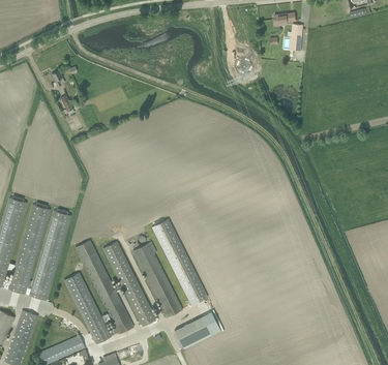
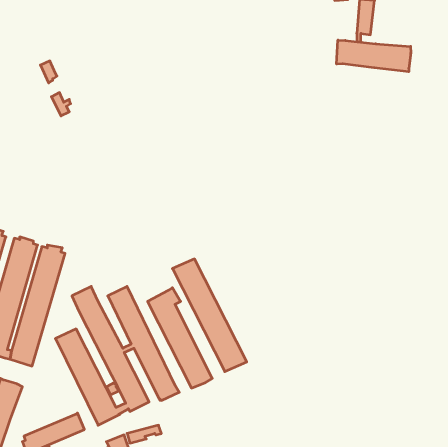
building: none -> [337,40,411,72]
building: [174,311,220,348] -> none

